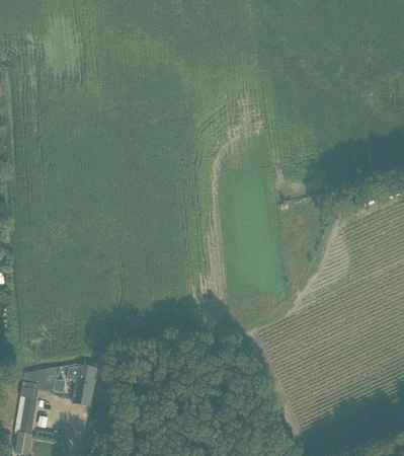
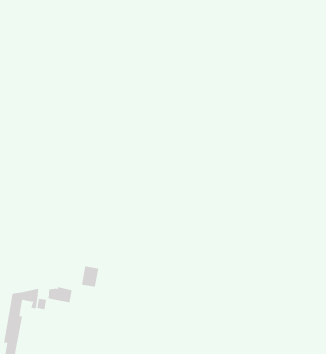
building: [72,380,93,405] -> [81,266,99,287]

